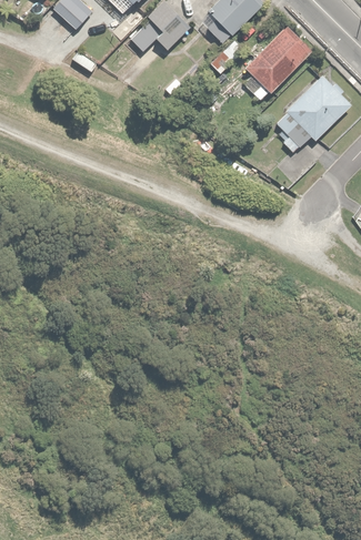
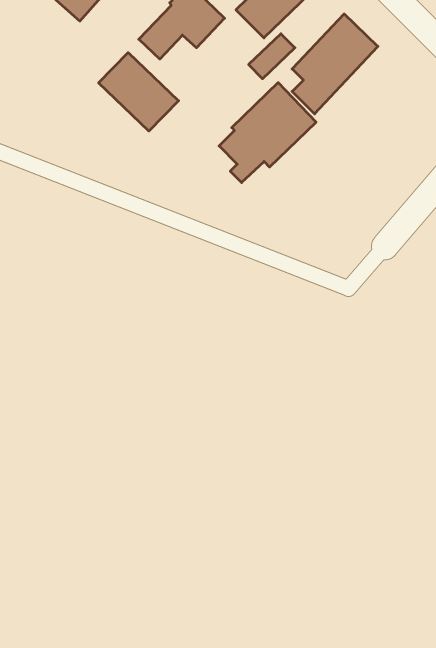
building: none -> [99,53,179,131]
building: [275,74,352,153] -> [219,83,316,183]

